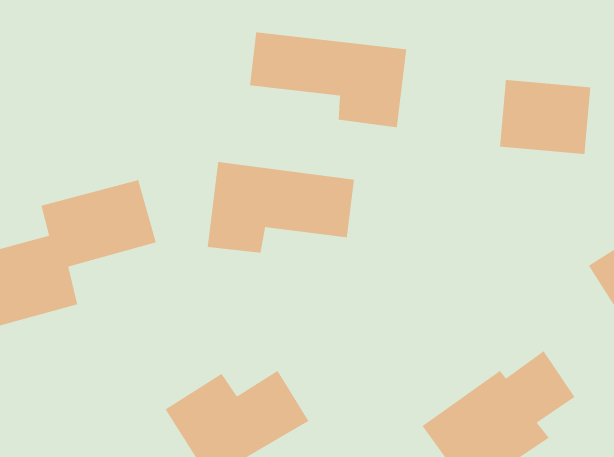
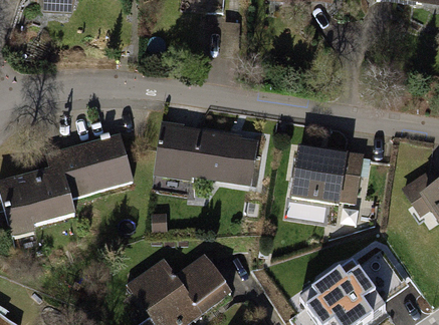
building: [249,31,407,128] -> none
building: [499,79,591,155] -> [292,148,354,199]

